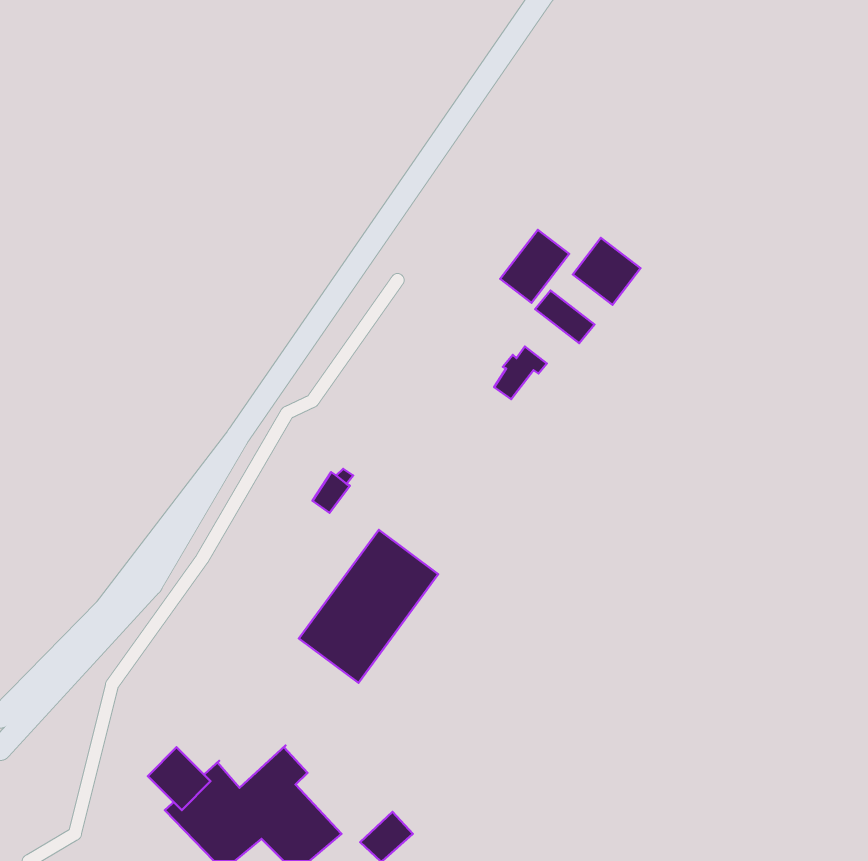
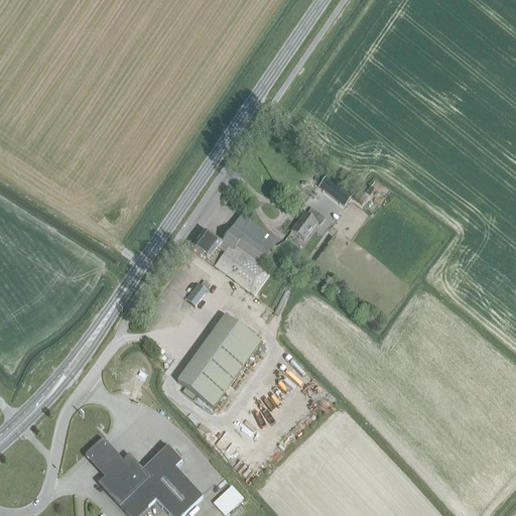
building: [500,230,569,303] -> none
building: [573,238,641,305] -> none
building: none -> [190,215,274,292]

